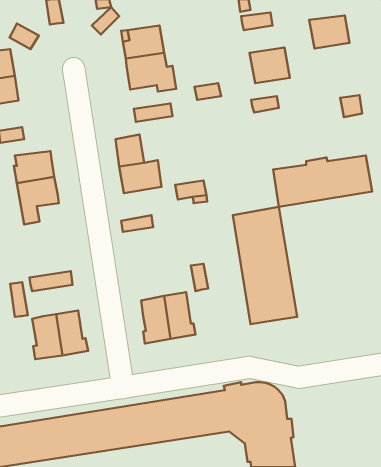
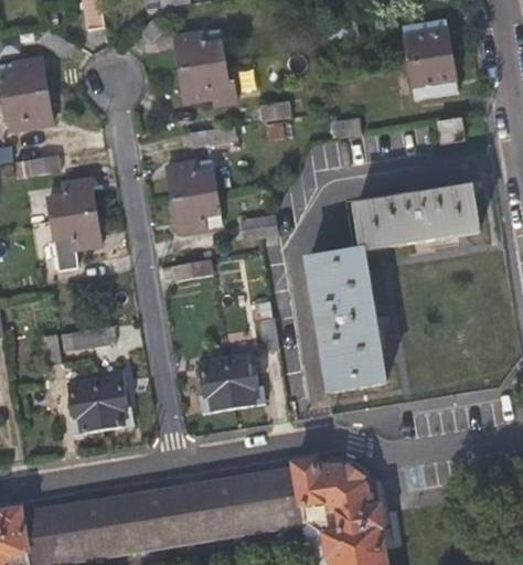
building: [250,47,290,83] -> [407,52,456,95]

